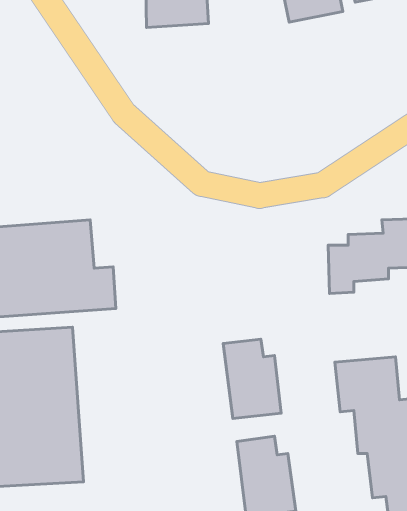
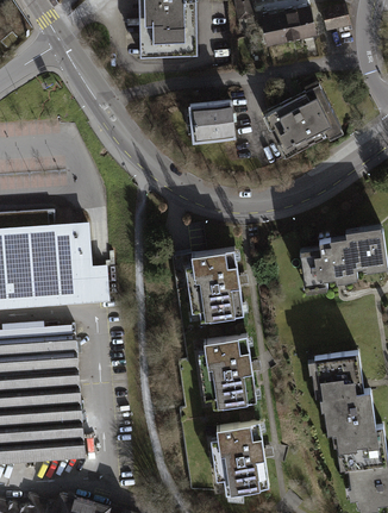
building: none -> [267,86,342,154]
building: none -> [187,102,232,145]
building: none -> [192,243,244,314]

